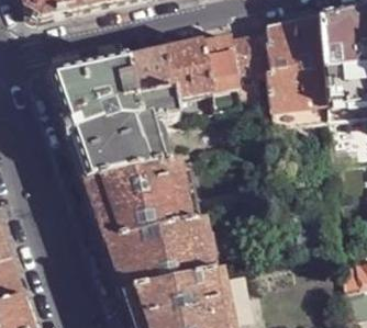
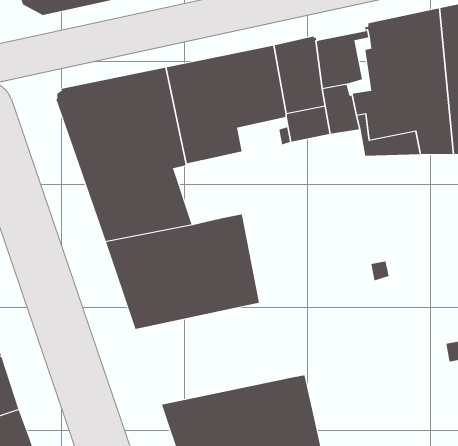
building: [132,120,167,165] -> none
building: [104,217,219,291] -> none

